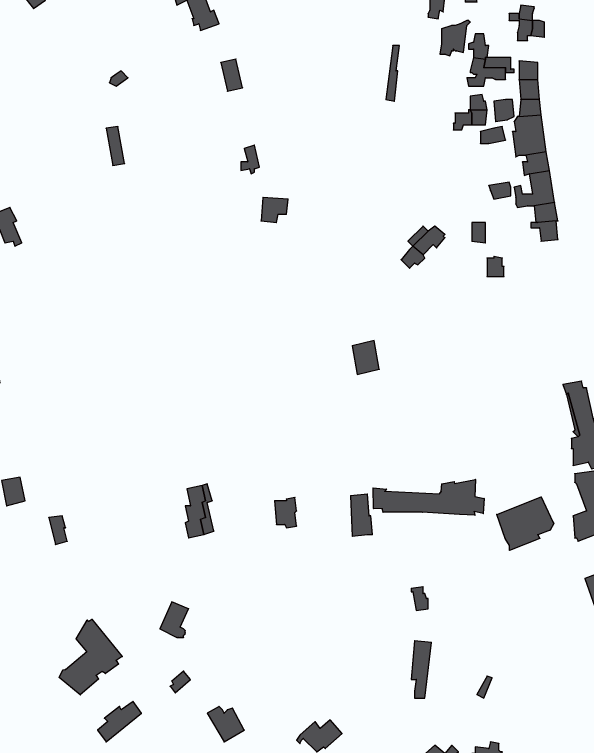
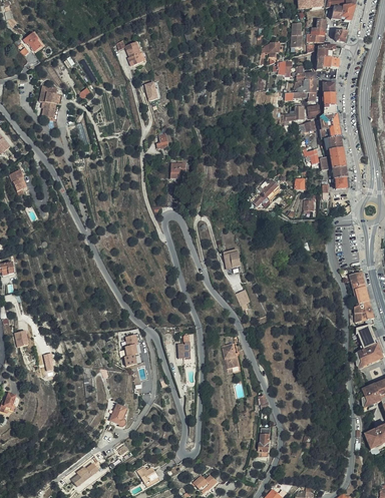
building: none -> [39,86,62,117]
building: [373,479,484,515] -> none
building: [497,497,554,550] -> none
building: [59,619,122,695] -> none

